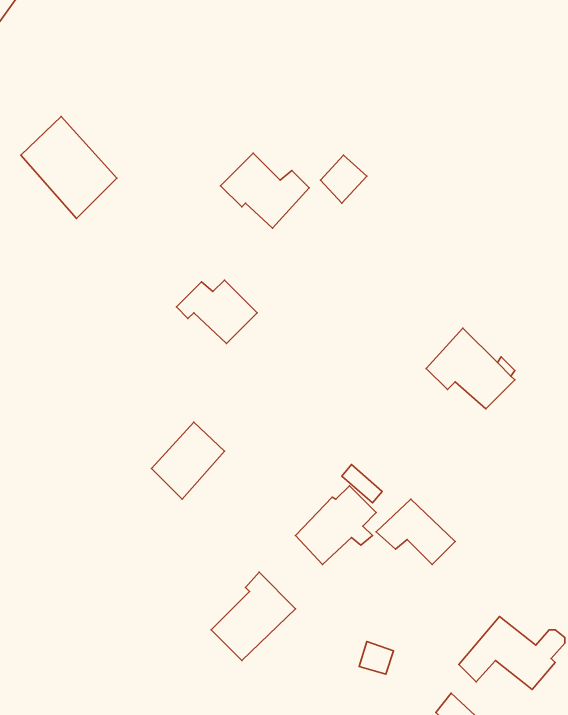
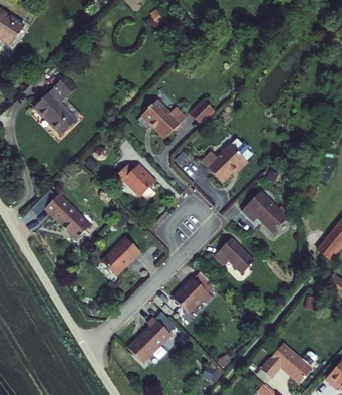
building: none -> [204,144,250,183]
building: none -> [45,196,90,241]
building: [376,499,455,564] -> [216,241,257,275]

